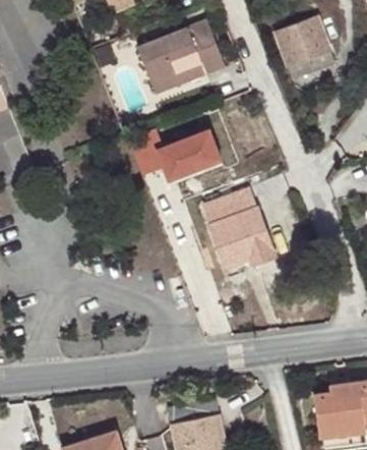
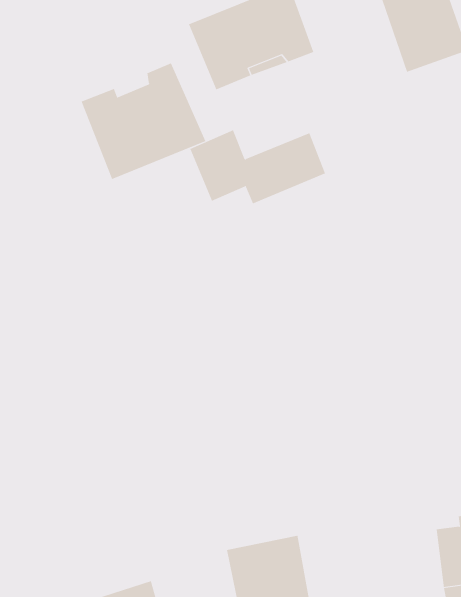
building: none -> [81,63,206,180]
building: [203,190,273,268] -> none

